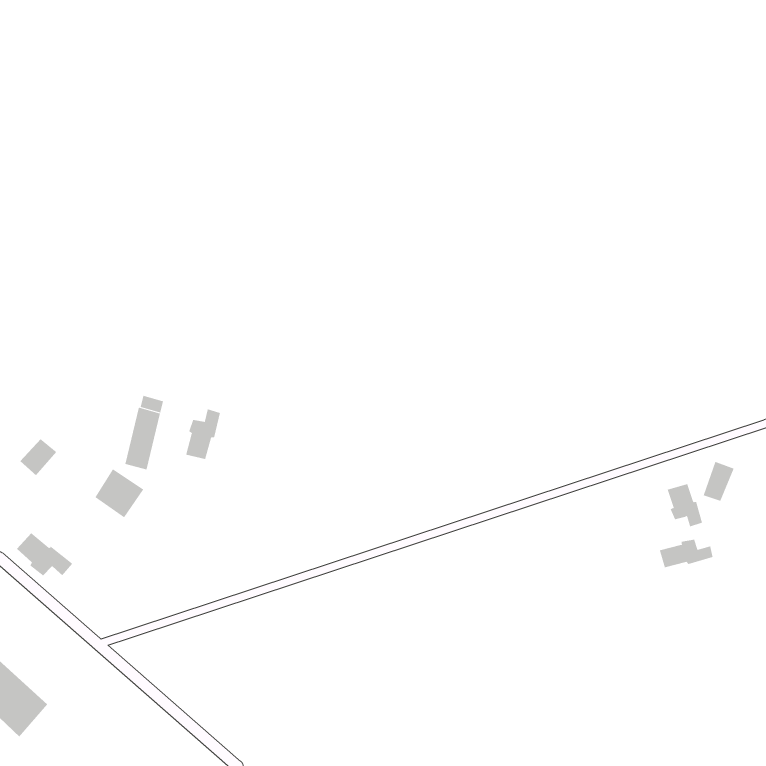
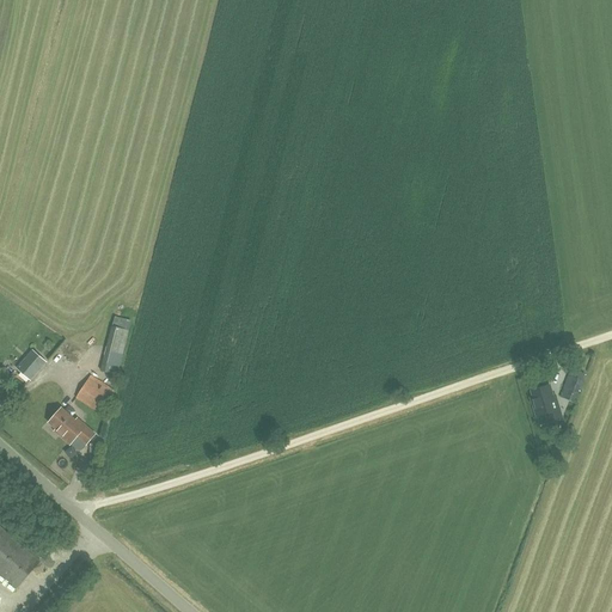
building: [185,409,221,460] -> none
building: [16,532,73,576] -> [49,406,94,441]
building: [659,539,713,568] -> none

